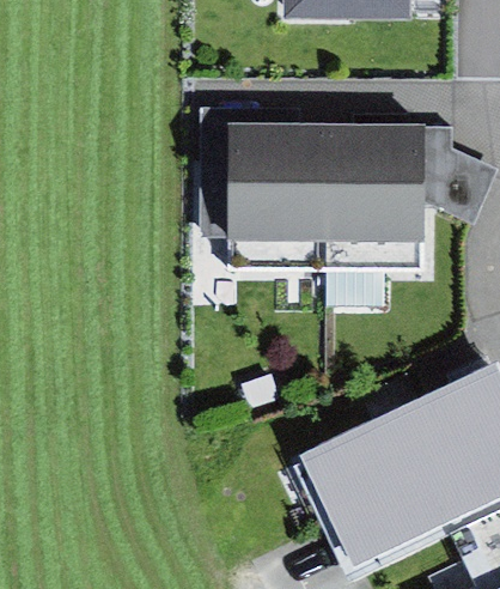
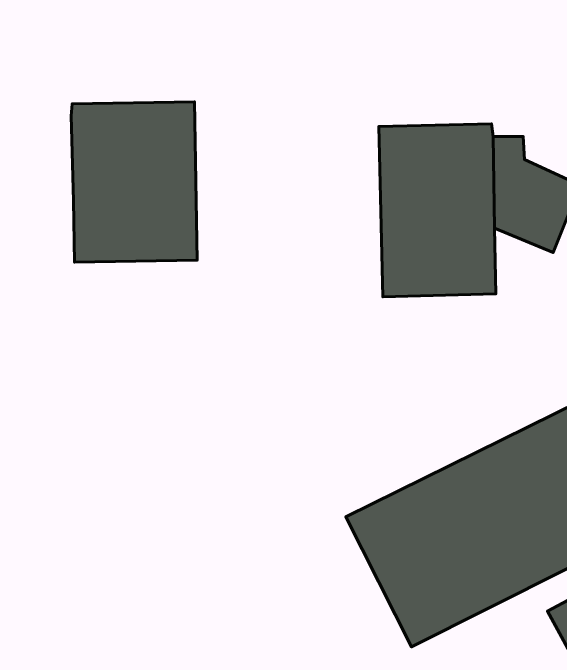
building: none -> [71,102,197,262]
building: [228,127,330,273] -> none

